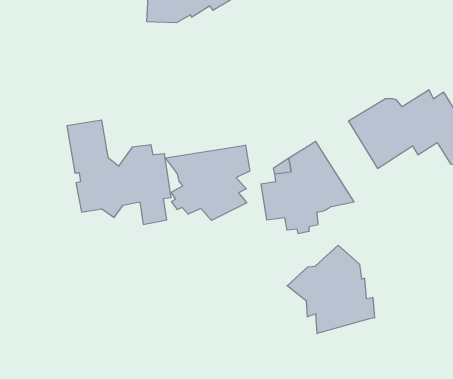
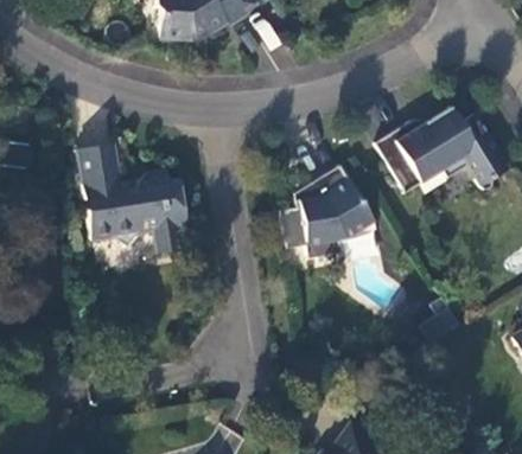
building: [166,145,250,220] -> none
building: [287,245,375,334] -> none

